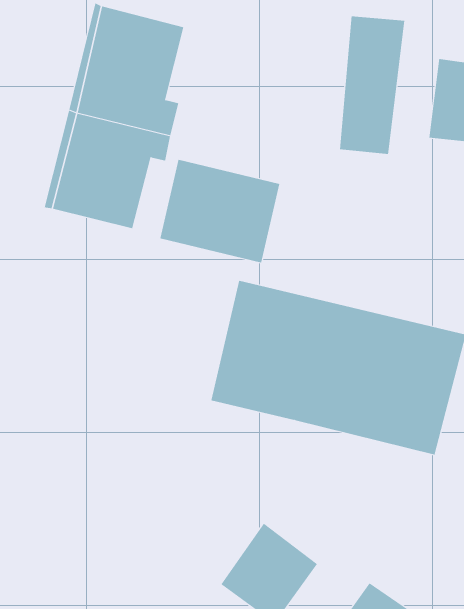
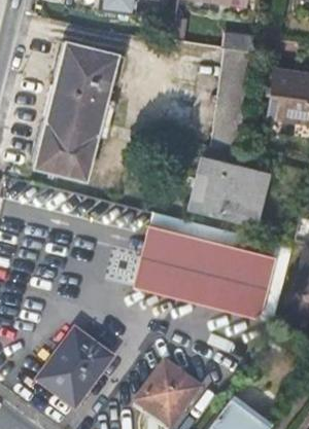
building: [160,159,280,263] -> [186,156,262,221]
building: none -> [41,331,110,404]

